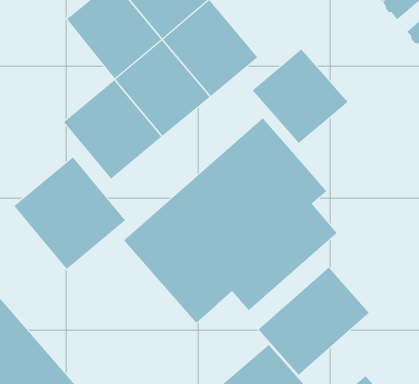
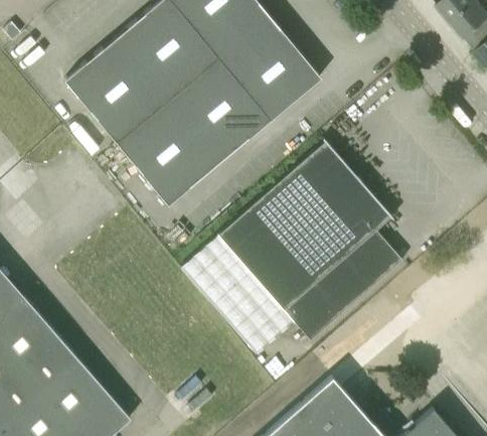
building: none -> [65,38,171,145]
building: [252,48,348,144] -> none
building: [14,157,126,270] -> none
building: [258,267,370,375] -> none

